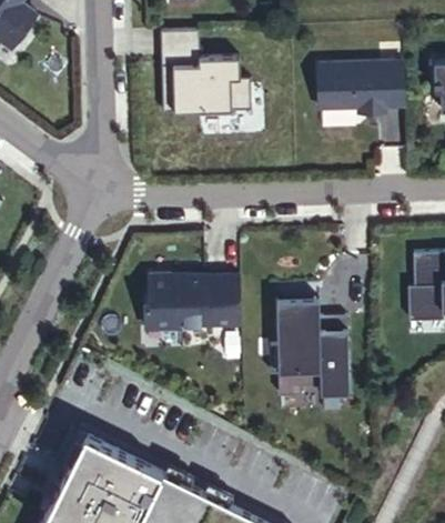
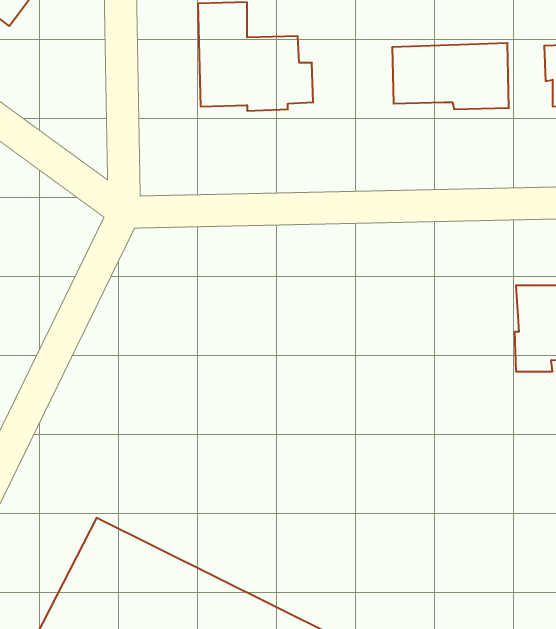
building: [143,271,241,332] -> none
building: [267,298,347,398] -> none

